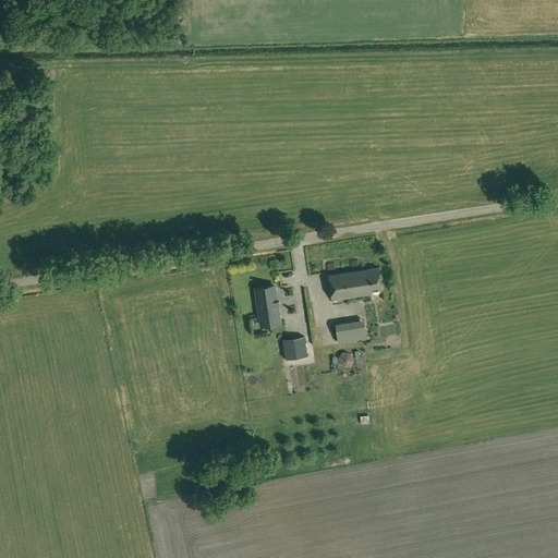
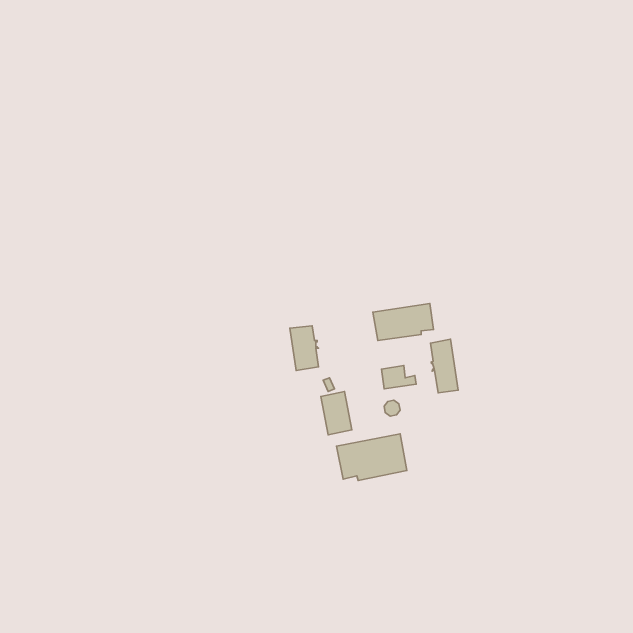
building: none -> [431,339,458,393]
building: none -> [336,434,407,480]

